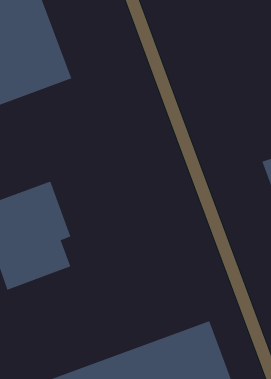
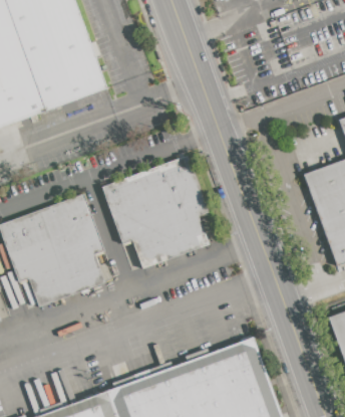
building: none -> [101,156,209,268]

